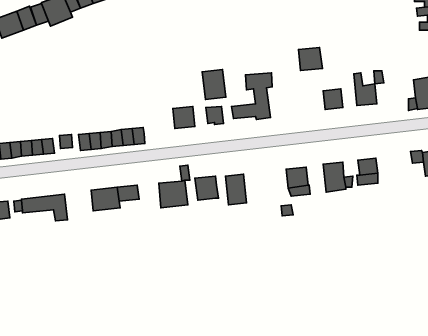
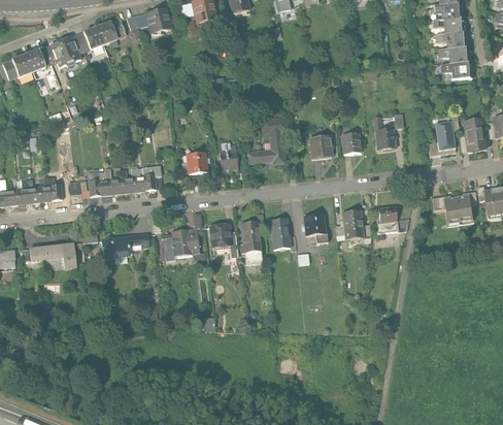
building: [299,48,323,70] -> [308,134,333,158]
building: [202,69,226,99] -> none
building: none -> [270,217,291,249]

